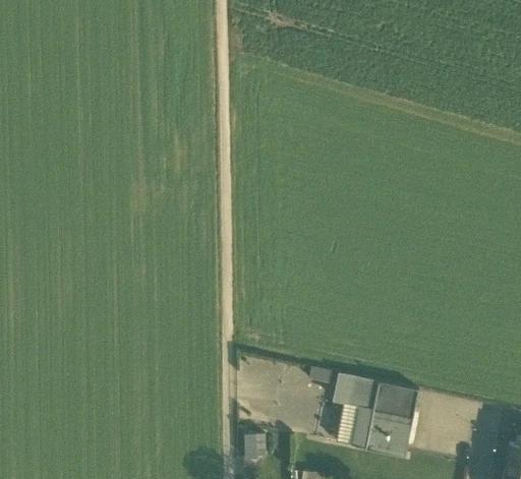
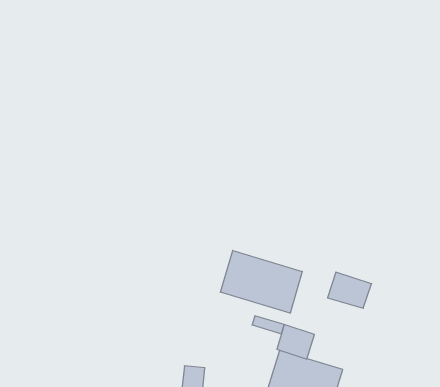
building: none -> [220,250,302,313]
building: [373,379,419,415] -> [328,272,372,308]

